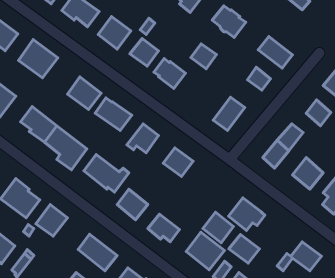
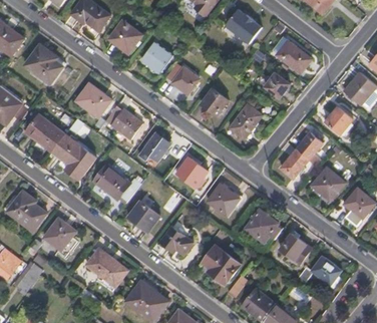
building: [191,44,217,69] -> [201,89,228,115]
building: [203,212,234,243] -> [208,184,240,216]
building: [229,234,259,263] -> [280,234,312,264]

